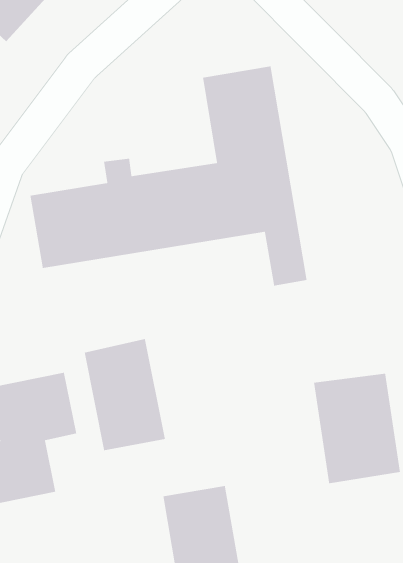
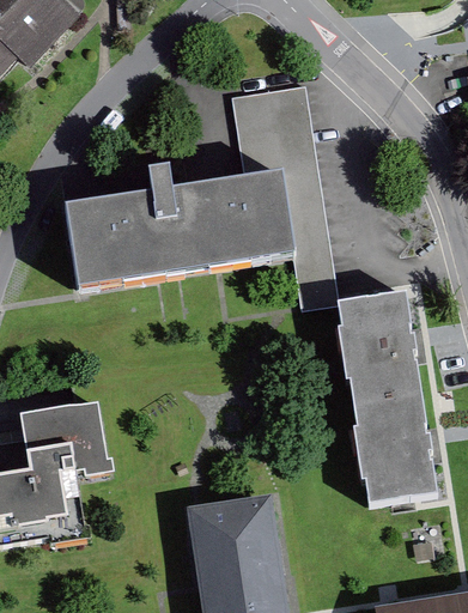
building: none -> [333,295,423,405]
building: [84,338,166,451] -> none

